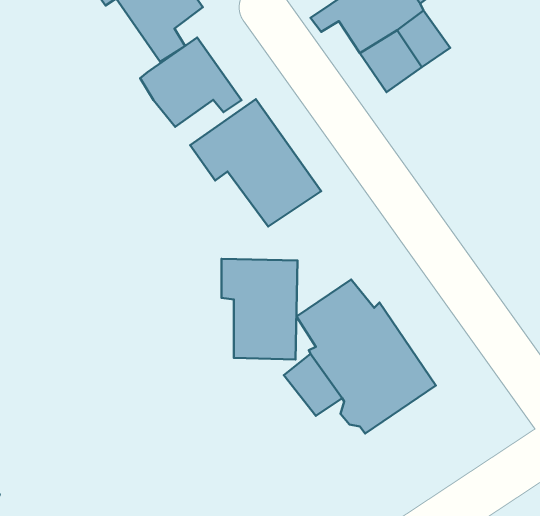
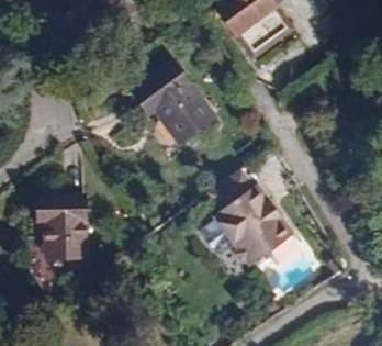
building: [140,38,242,127] -> none
building: [221,259,297,360] -> [35,193,82,256]

